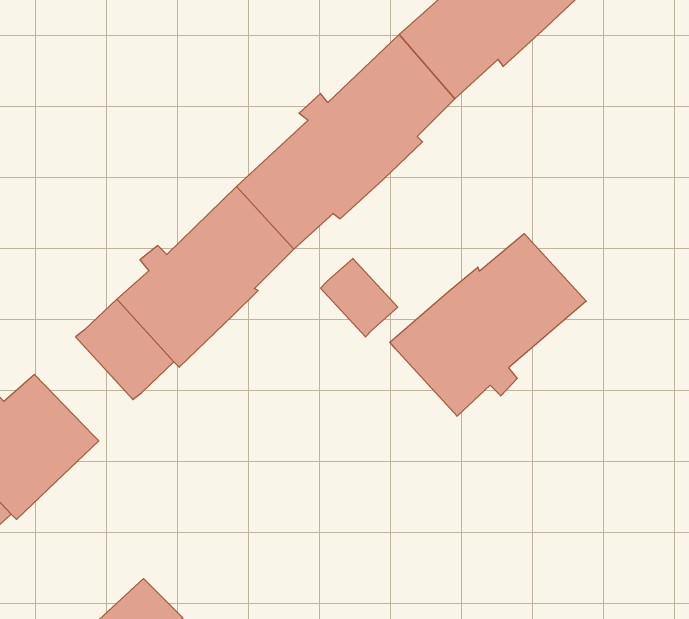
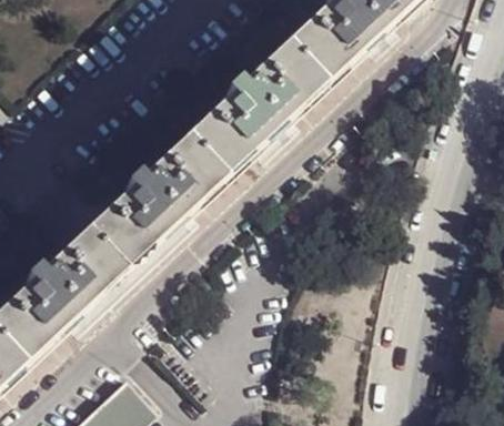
building: [390,234,586,416] -> none
building: [321,258,398,337] -> none
building: none -> [58,233,119,294]

